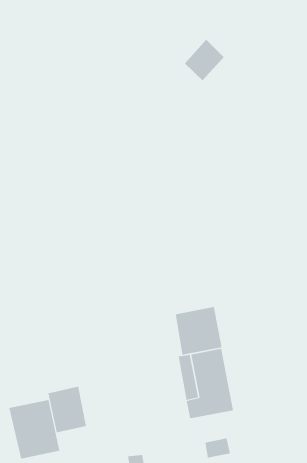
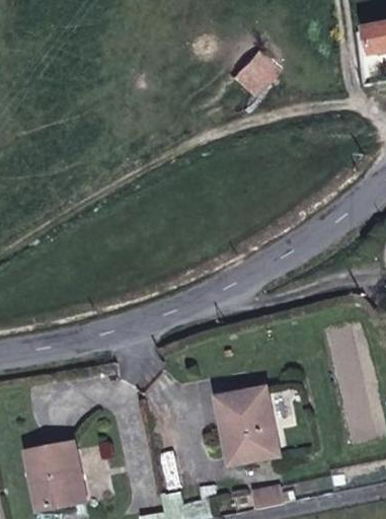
building: [175,306,222,356] -> none
building: [48,386,87,433] -> none

